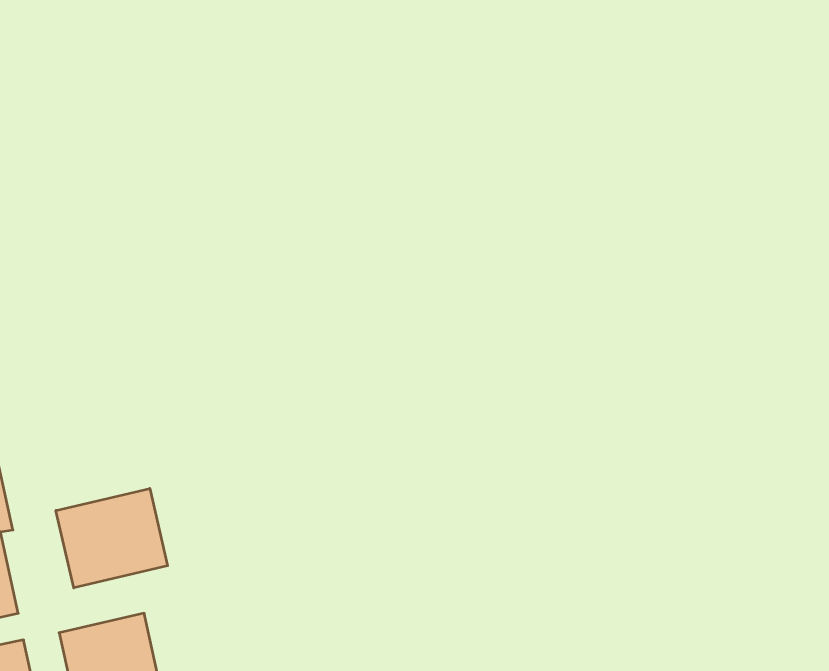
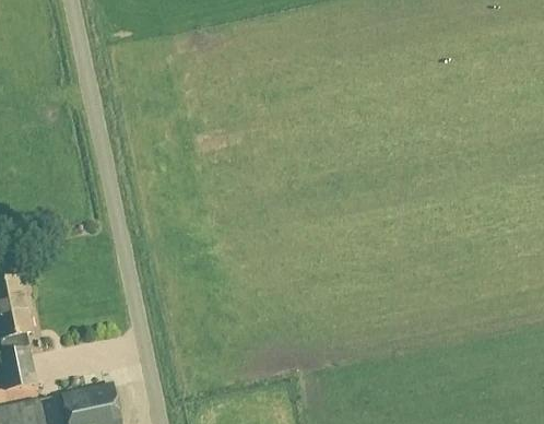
building: [56,488,168,588] -> none

